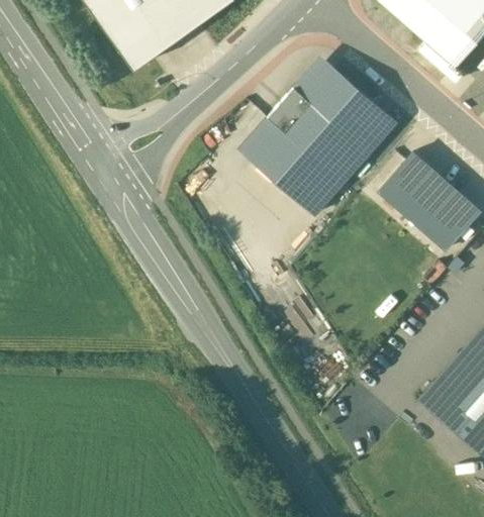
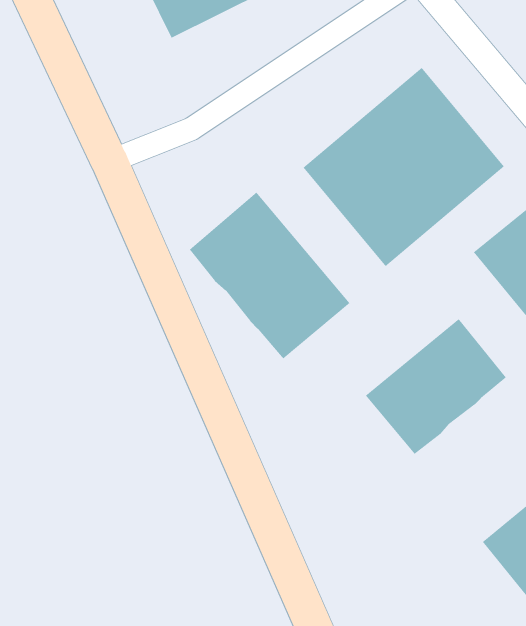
building: none -> [189,192,351,360]
building: none -> [365,318,507,455]

